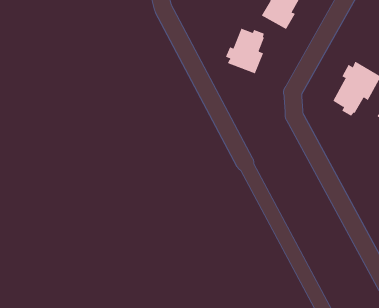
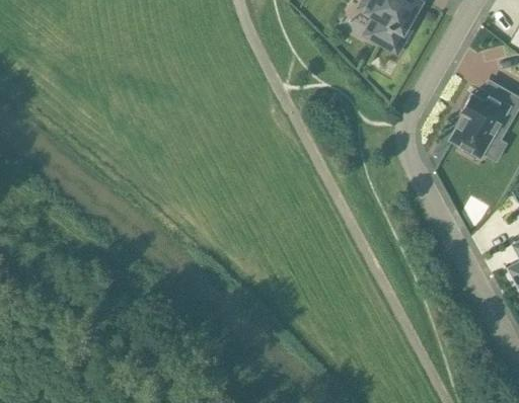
building: [225,28,265,74] -> none

